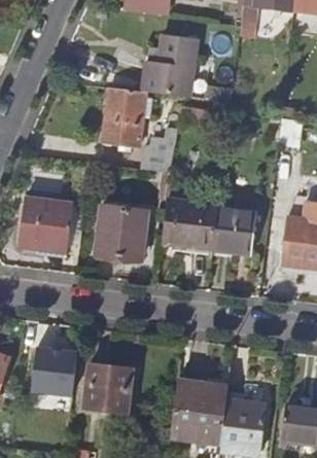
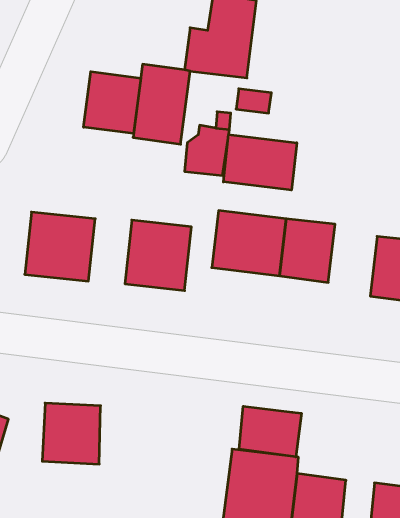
building: none -> [84,72,141,134]
building: none -> [223,135,297,190]
building: none -> [239,406,301,457]
building: [84,363,131,411] -> none

